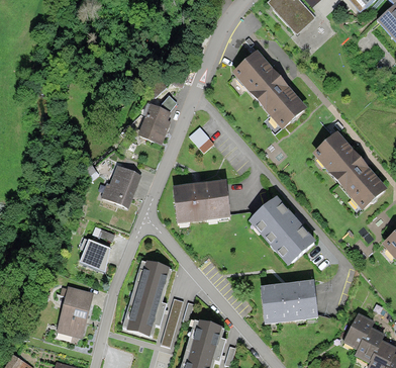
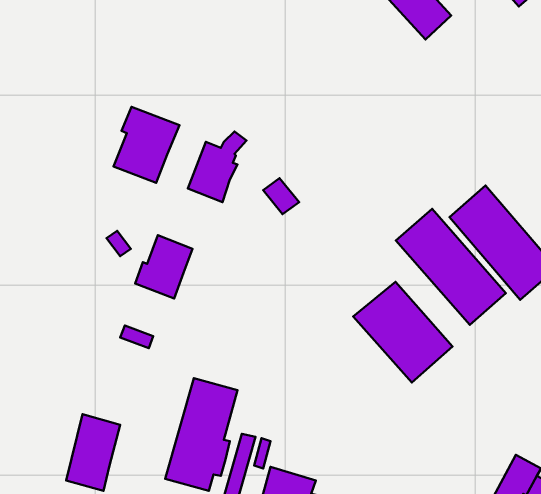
building: [232,51,306,128] -> [396,209,506,325]
building: none -> [113,107,180,183]
building: [173,179,229,222] -> none
building: [77,238,110,271] -> none
building: [262,280,315,321] -> none

